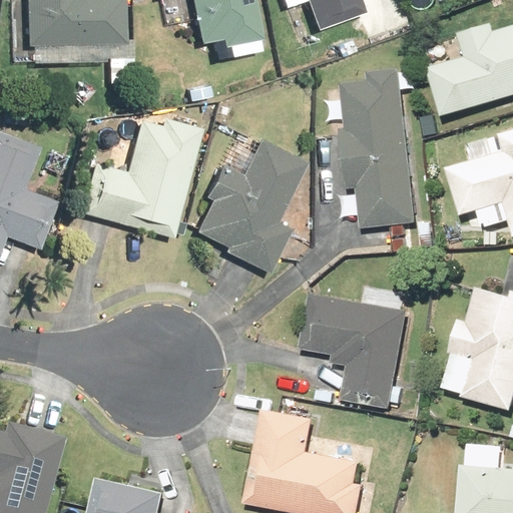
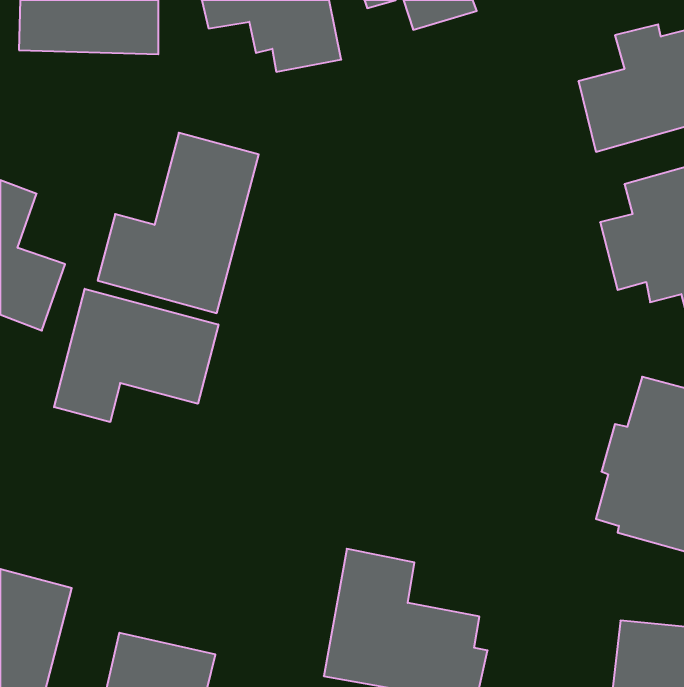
building: [324,70,417,227] -> none
building: [190,138,304,271] -> none
building: none -> [54,289,218,422]
building: [301,295,410,409] -> none

